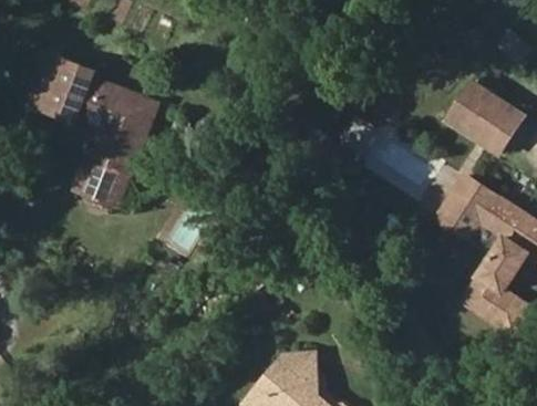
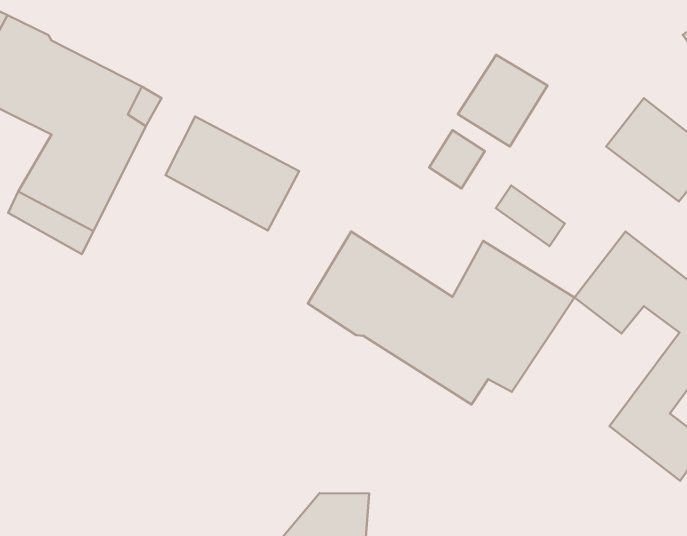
building: none -> [458,55,547,146]
building: none -> [166,116,299,231]
building: none -> [308,231,575,405]

